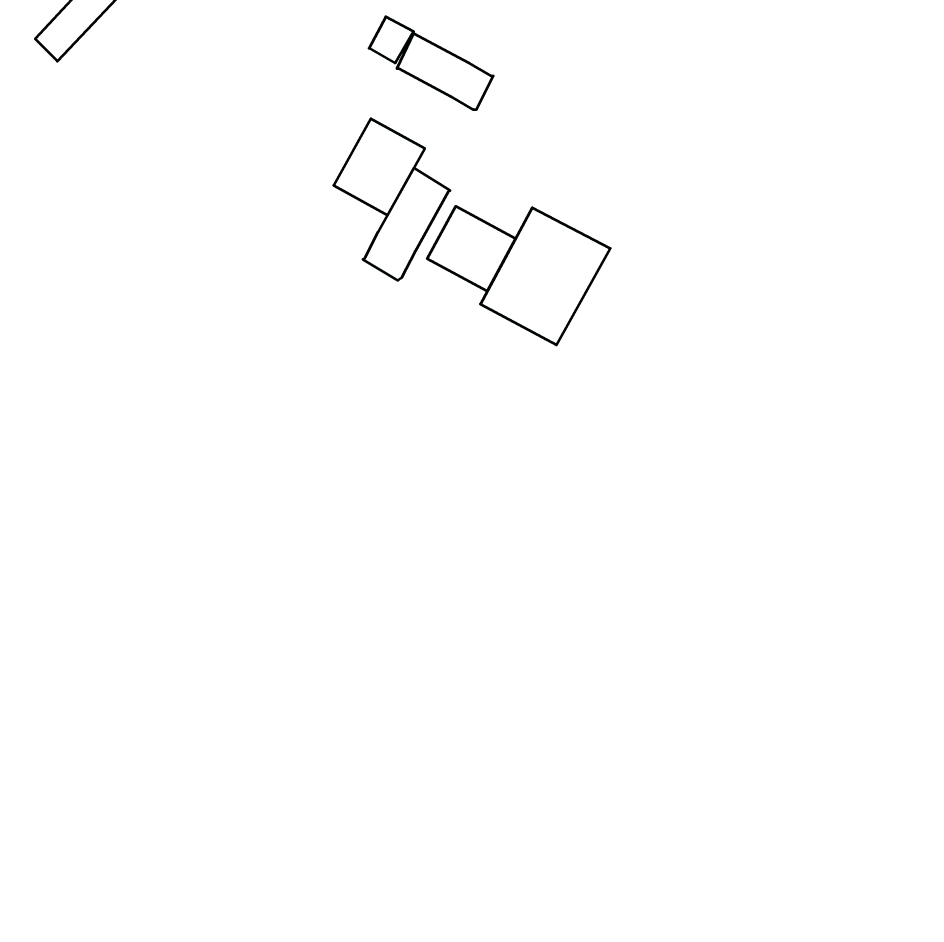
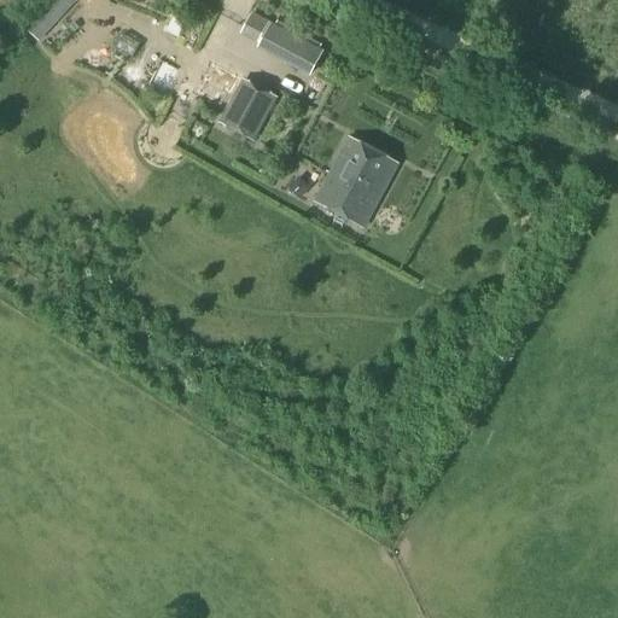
building: [363,168,450,280] -> none
building: [427,206,516,291] -> none

